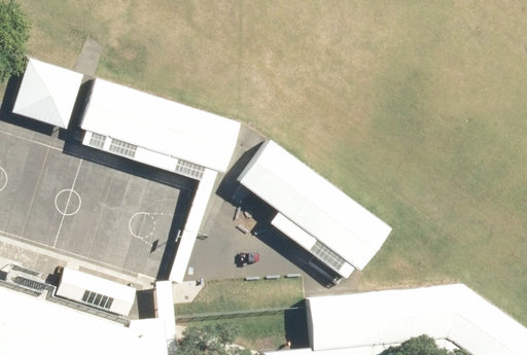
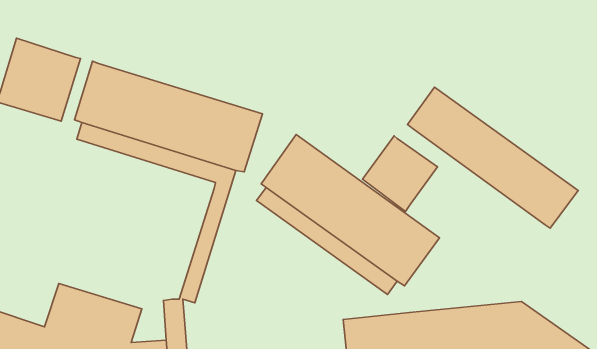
building: none -> [408,87,578,228]
building: none -> [362,136,437,212]

